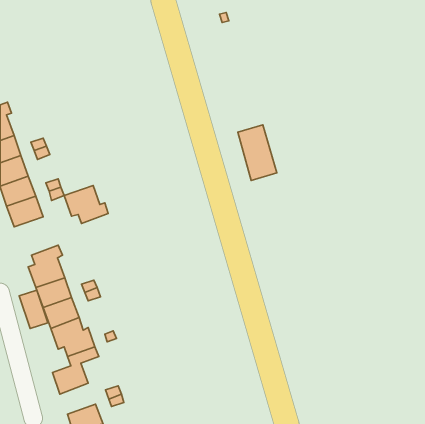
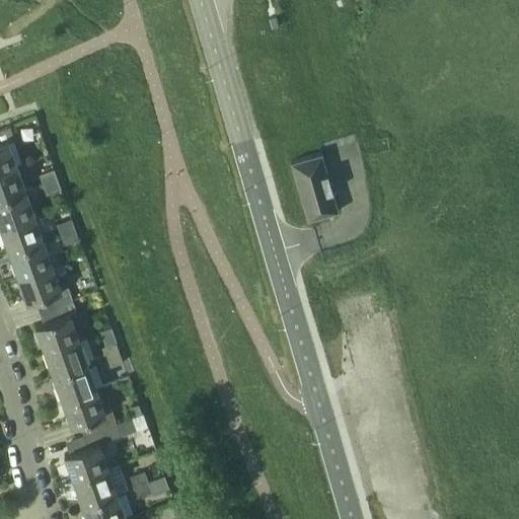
building: [64,185,108,224] -> [17,266,71,312]
building: [19,290,48,328] -> none
building: none -> [73,468,117,506]

